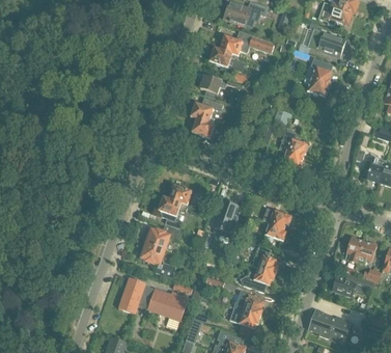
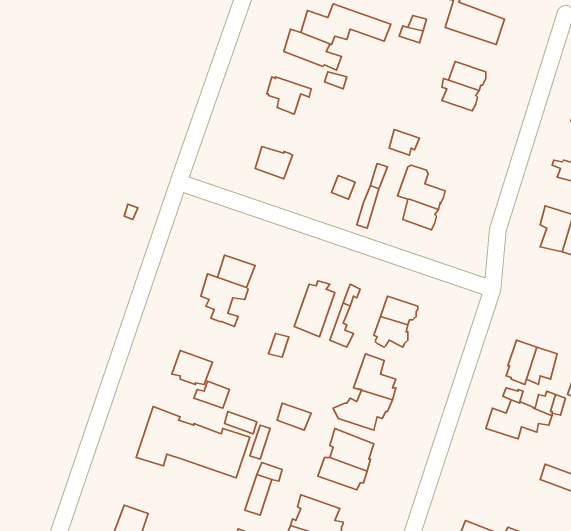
building: [191,97,223,121] -> none
building: [146,224,183,249] -> none
building: [309,310,352,343] -> none

